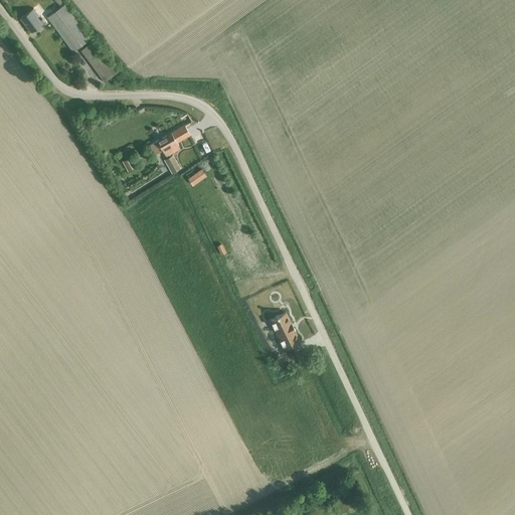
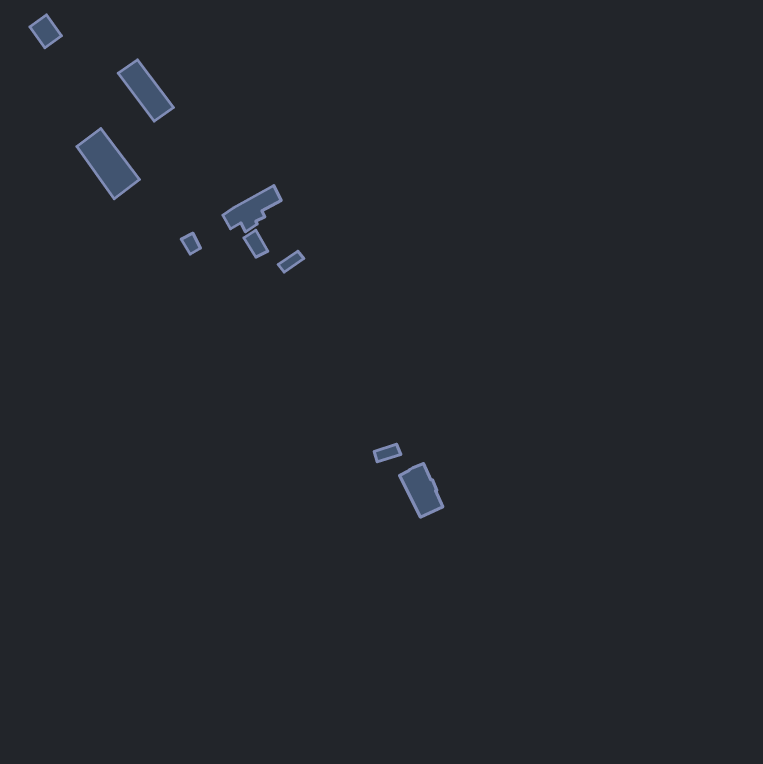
building: [47,4,90,51] -> [77,129,140,199]

